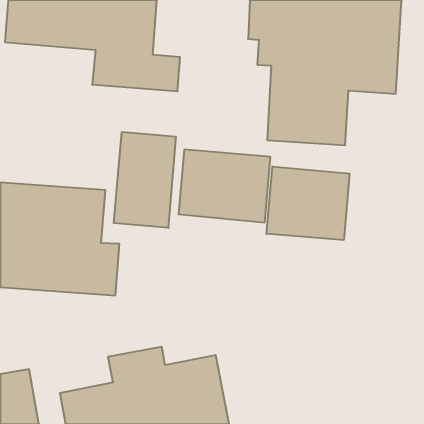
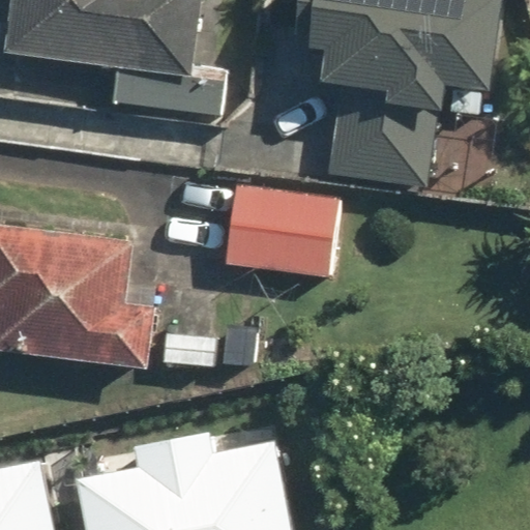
building: [114,132,176,228] -> none
building: [266,166,350,240] -> none

